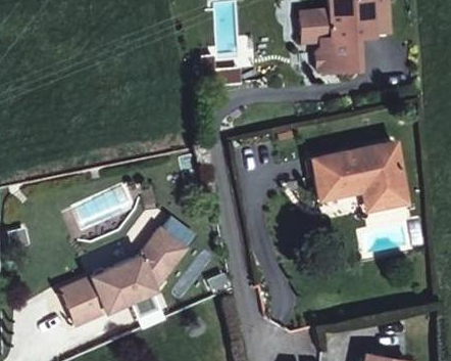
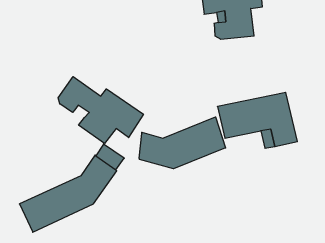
building: none -> [58,77,143,143]
building: none -> [139,117,226,169]

